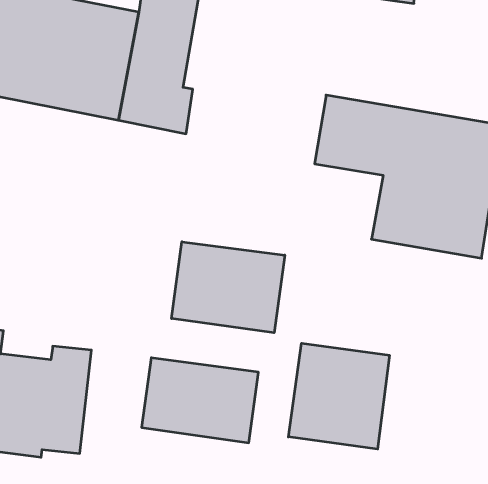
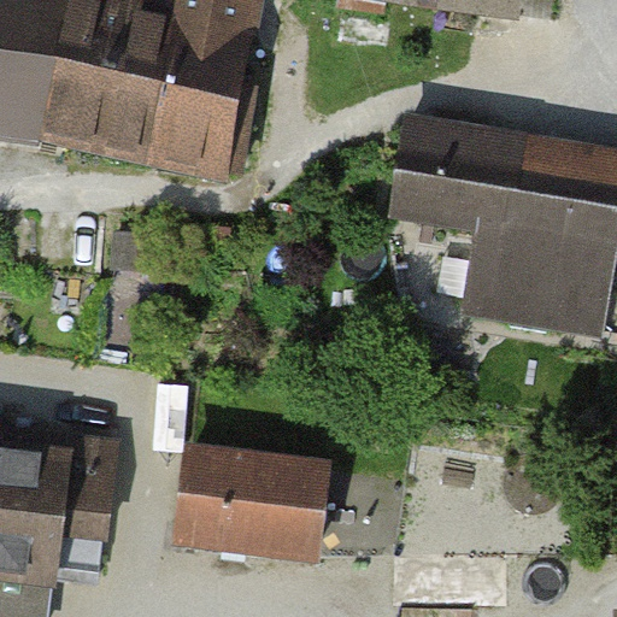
building: [172,242,285,333] -> none
building: [288,343,389,449] -> none

